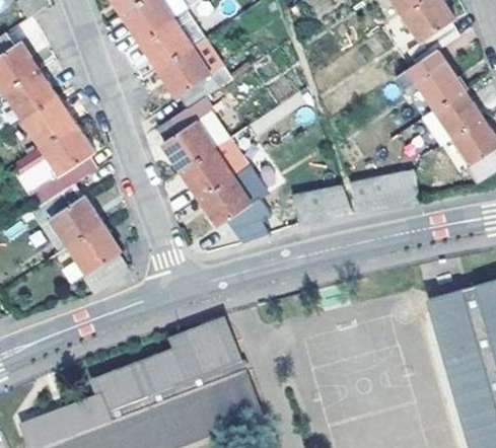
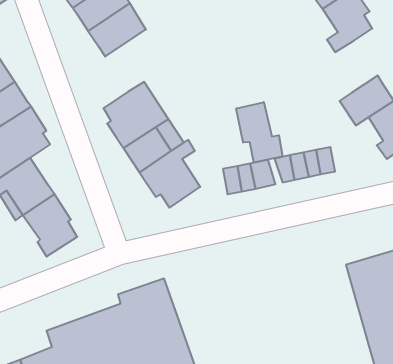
building: [158,38,230,107] -> none
building: [395,50,464,108] -> none
building: none -> [236,102,283,163]

